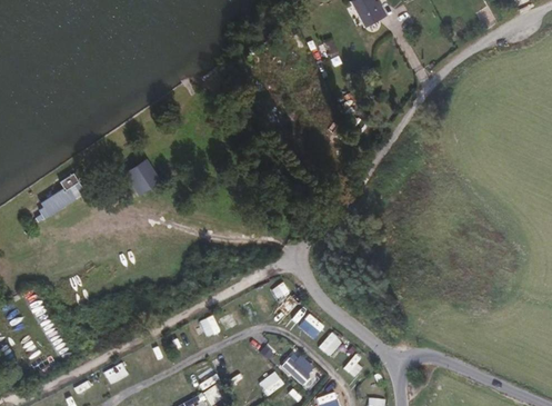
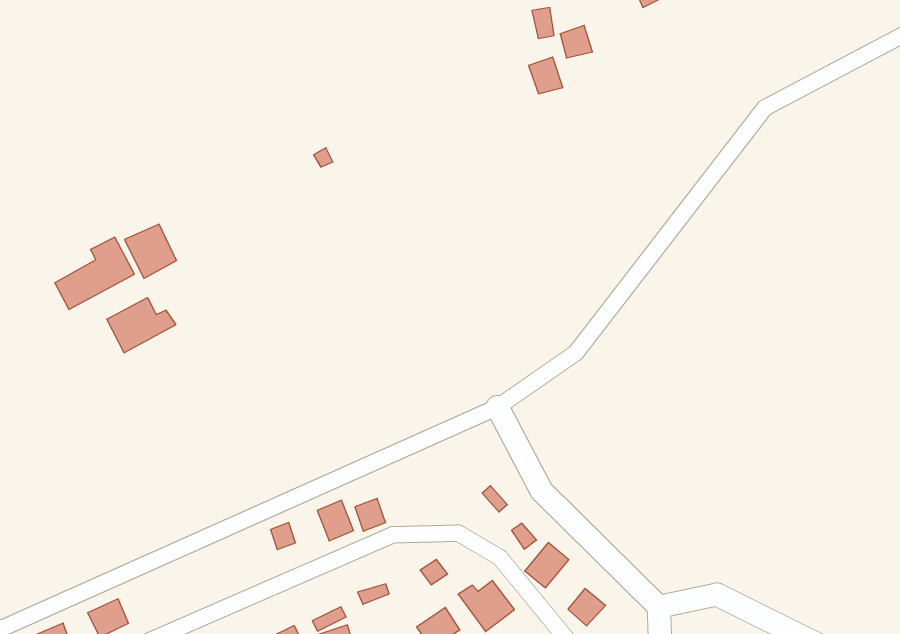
building: [130,164,160,195] -> [125,224,177,278]
building: none -> [107,298,176,353]

